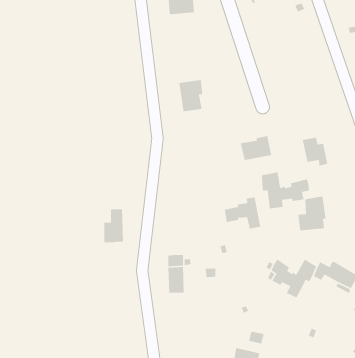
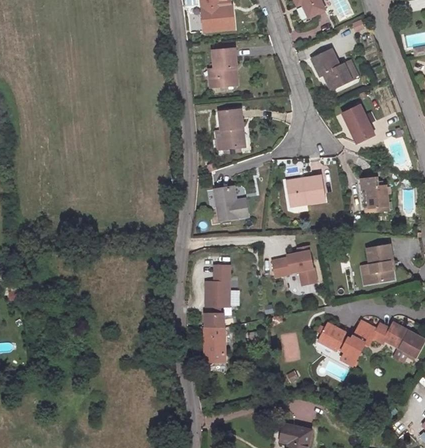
building: none -> [209,46,237,87]
building: none -> [313,49,354,87]
building: none -> [344,105,374,141]
building: none -> [214,186,250,220]
building: [261,171,310,209] -> none
building: [103,208,124,243] -> [204,266,228,307]

